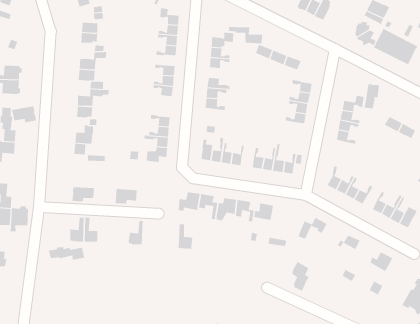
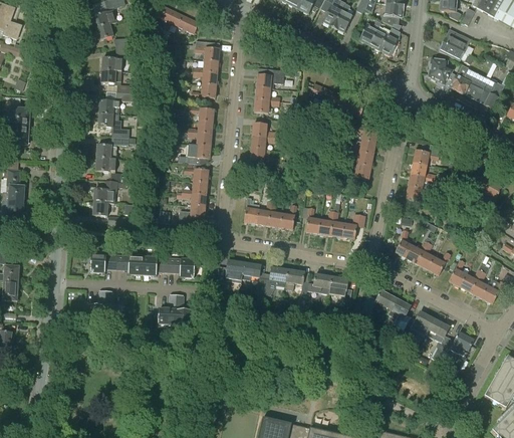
building: [228,26,263,44] -> none
building: [364,83,379,109] -> none
building: none -> [180,144,210,163]
building: [12,105,36,123] -> none
building: none -> [116,254,143,273]
building: none -> [168,257,195,276]
building: none -> [328,275,351,300]
building: [10,206,28,232] -> none
building: [178,224,193,250] -> [175,293,193,324]
building: none -> [426,317,449,360]
building: [48,246,85,261] -> none
building: [291,261,310,292] -> [389,297,411,334]

